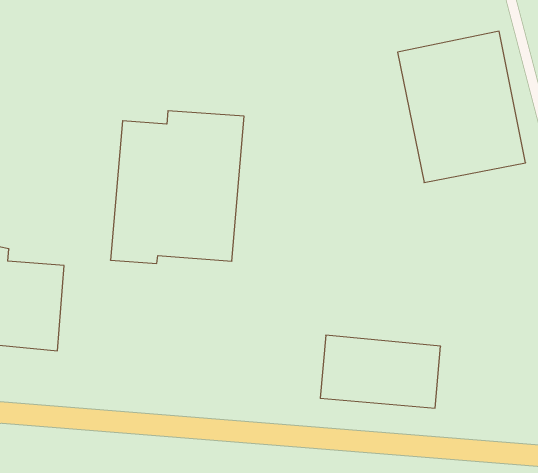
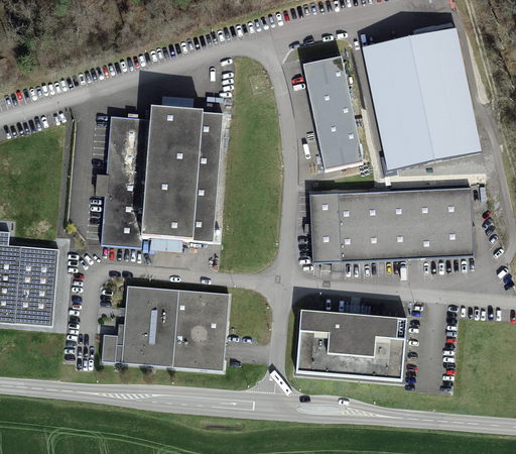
building: none -> [302,59,359,165]
building: none -> [309,187,473,268]
building: none -> [101,286,228,370]

